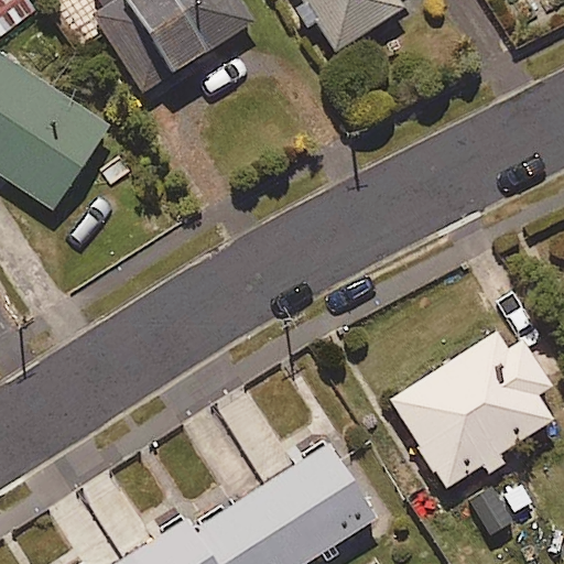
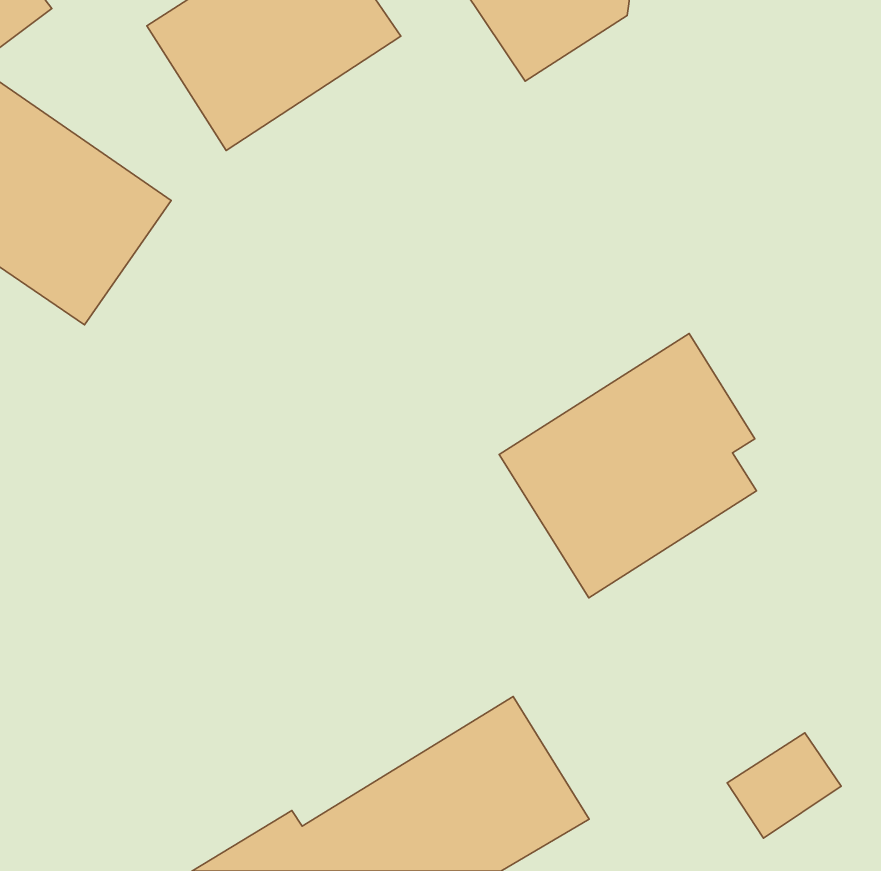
building: [389,322,553,490] -> [499,334,757,598]

